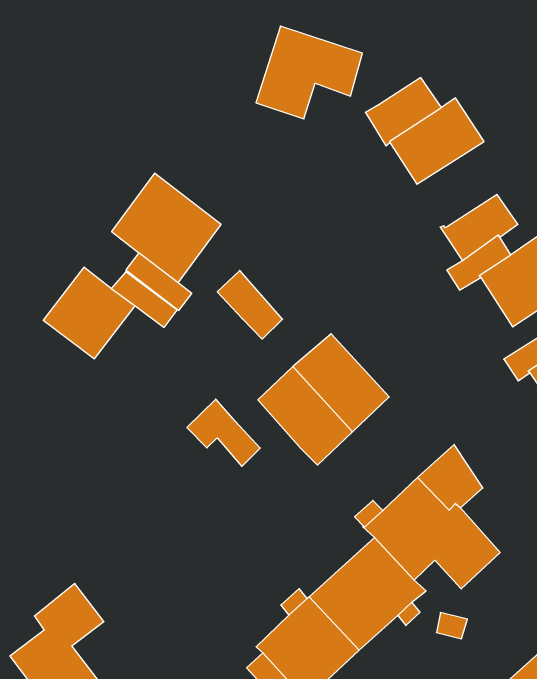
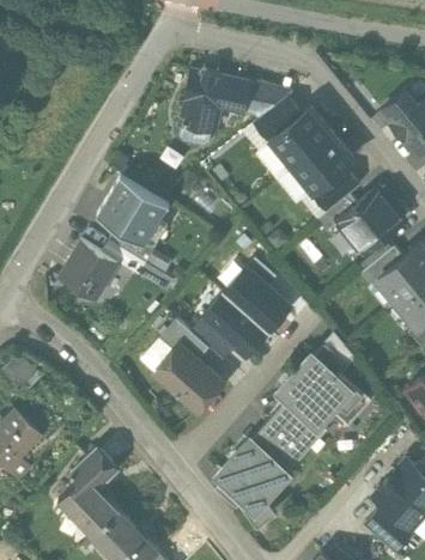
building: none -> [243,85,291,117]
building: none -> [292,134,353,193]
building: [217,270,283,339] -> [190,317,235,360]
building: none -> [154,345,223,410]

